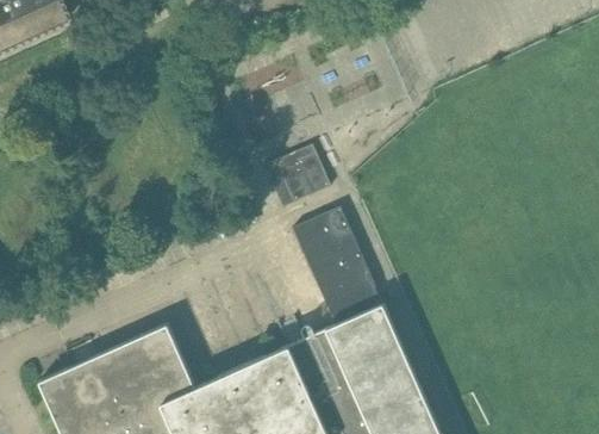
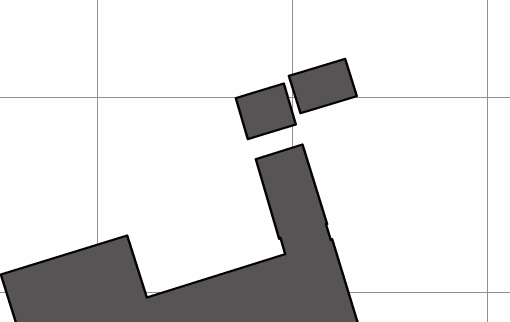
building: none -> [289,59,357,113]

